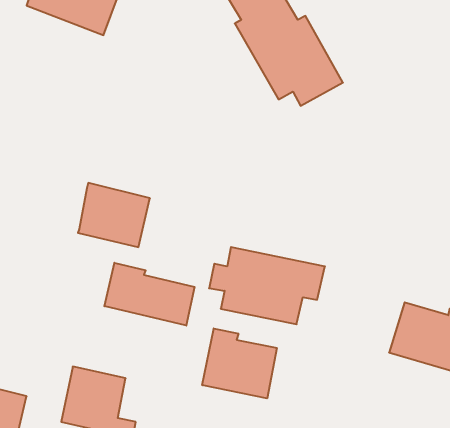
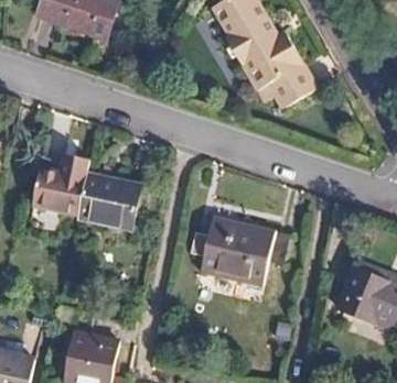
building: none -> [32,162,85,209]
building: [104,263,195,326] -> none
building: [202,328,277,398] -> none

